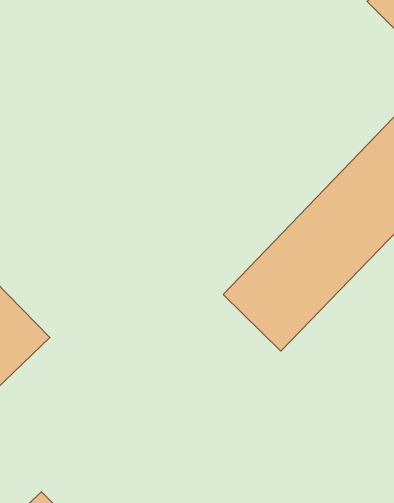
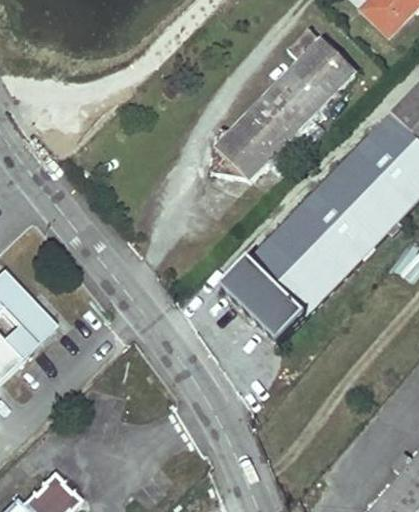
building: none -> [216,36,355,177]

